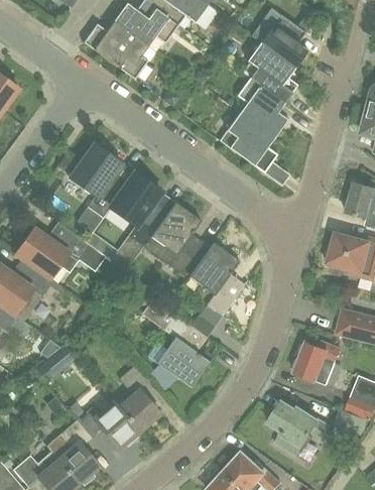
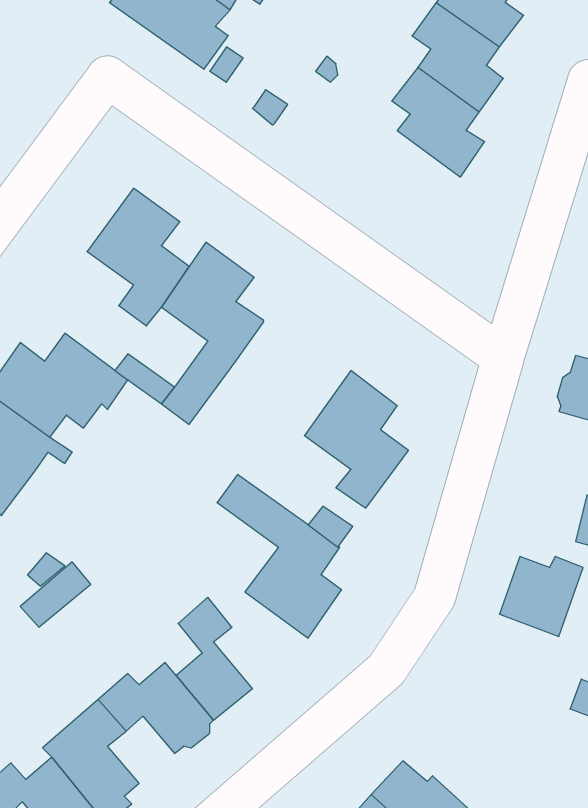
building: [218,111,275,171] -> none
building: [150,201,206,275] -> none
building: [267,402,329,457] -> none

